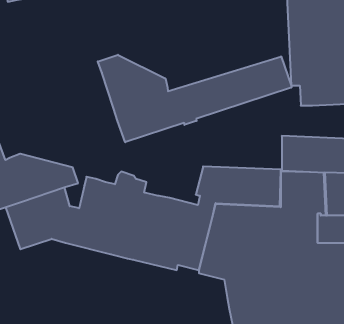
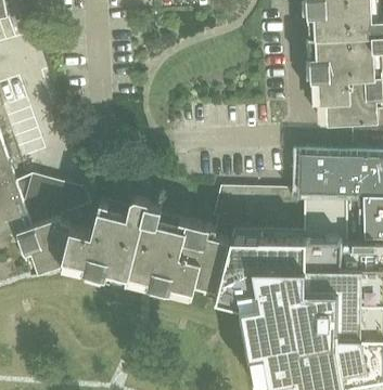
building: [98,55,291,142] -> none

